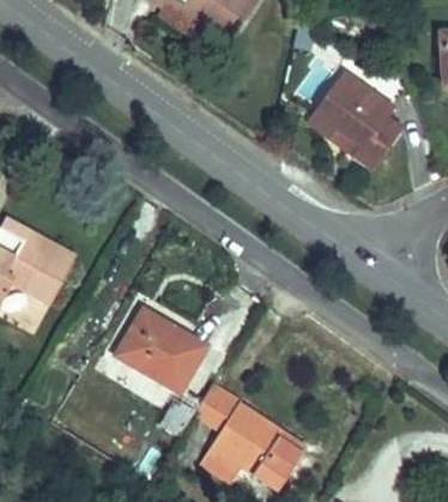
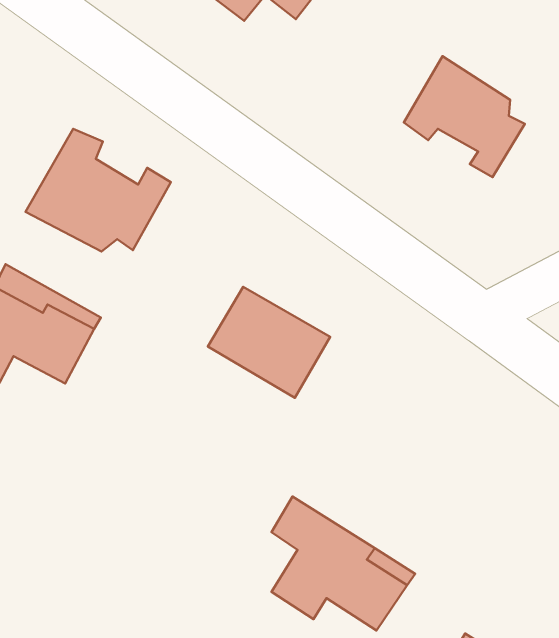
building: none -> [25,129,171,252]
building: [116,313,207,395] -> [208,287,330,398]

